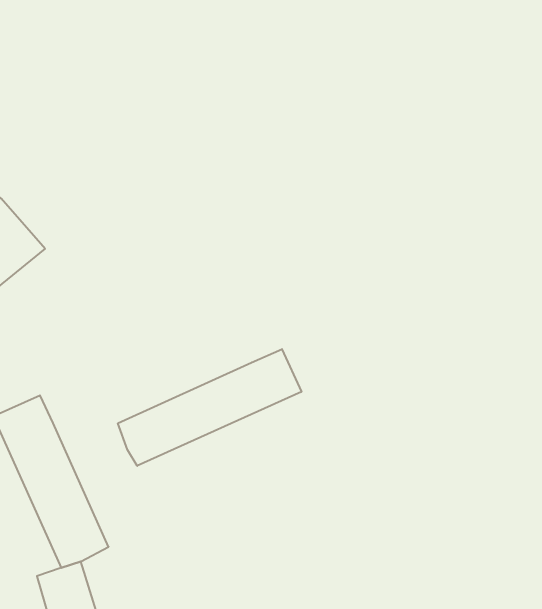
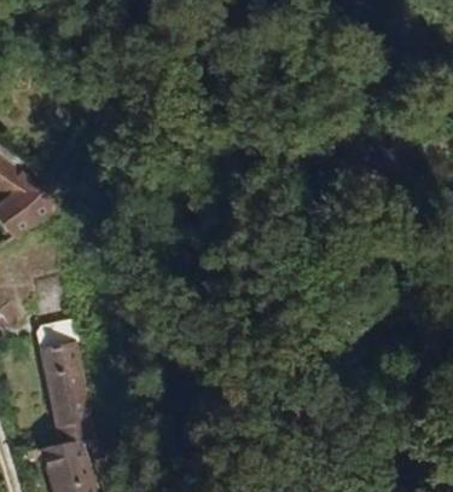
building: [118,349,301,466] -> none

